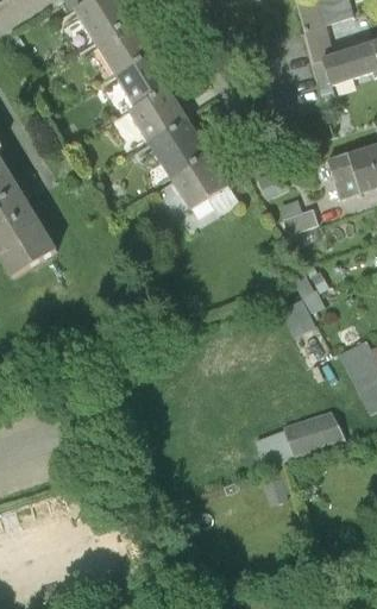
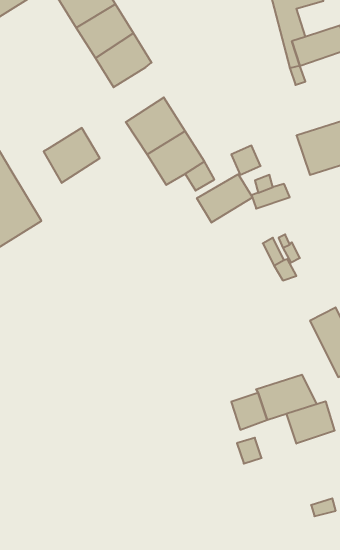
building: [126,84,186,143] -> [44,128,100,183]
building: none -> [197,174,252,223]
building: [281,299,316,338] -> none
building: none -> [286,401,335,444]

